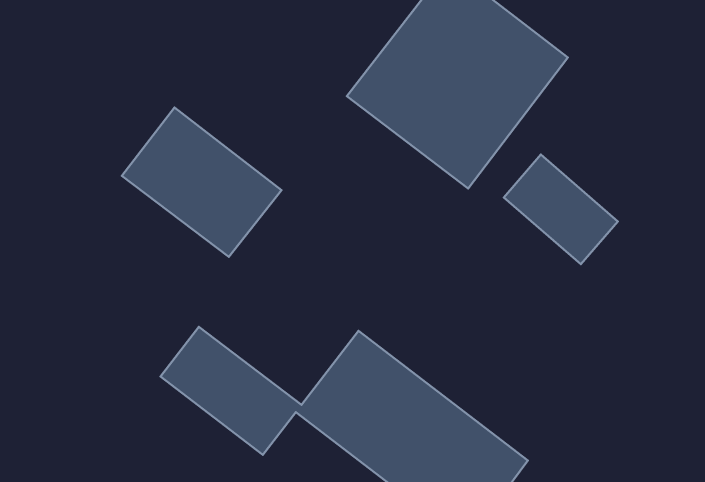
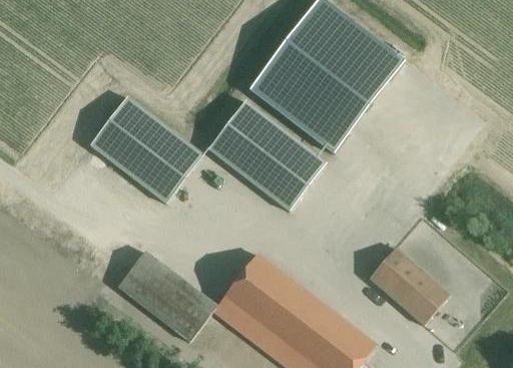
building: none -> [208,100,326,210]
building: [504,155,618,264] -> [369,248,449,325]

